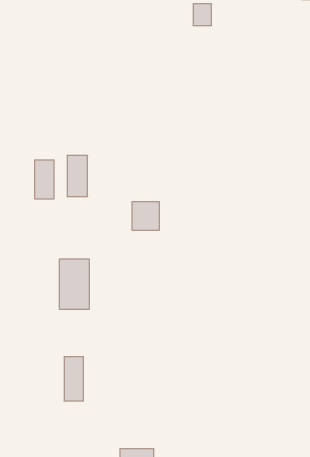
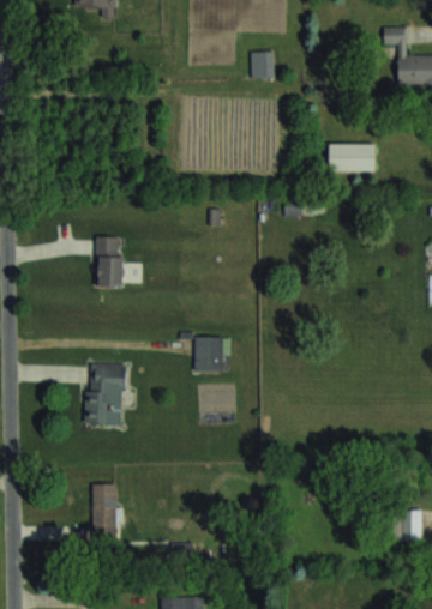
building: none -> [329,145,374,171]
building: [35,160,54,199] -> none
building: [132,202,159,230] -> [194,337,228,372]

